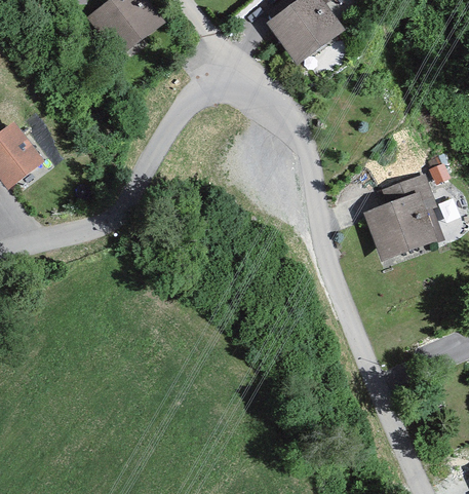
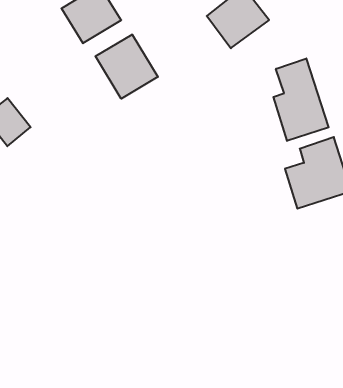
building: none -> [95,34,158,99]
building: none -> [273,58,329,141]

